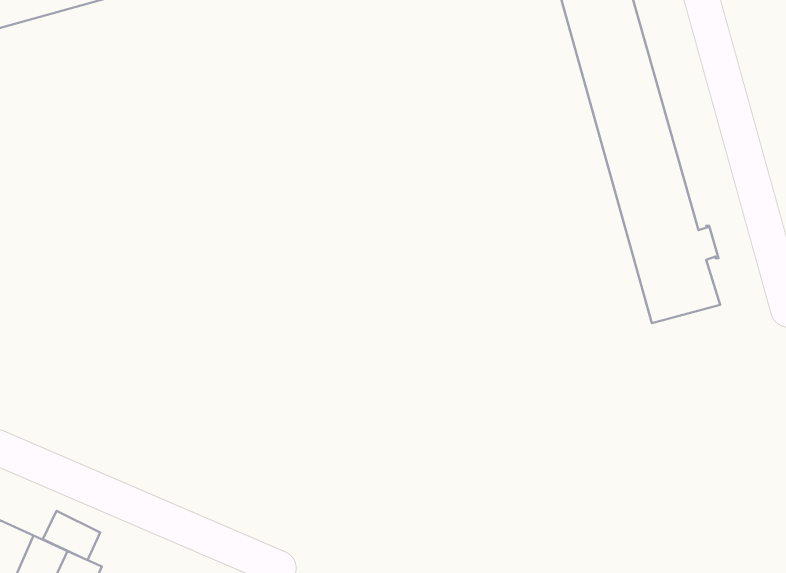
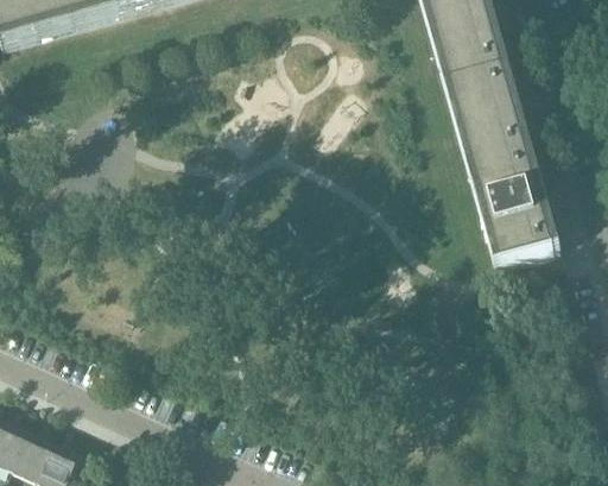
building: [43,511,100,560] -> none

